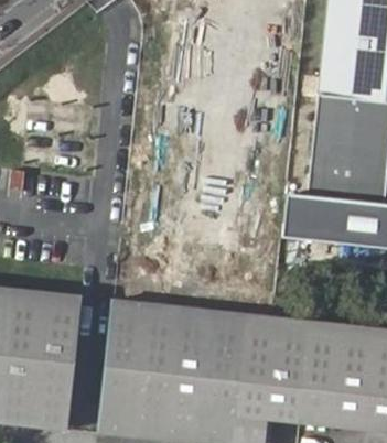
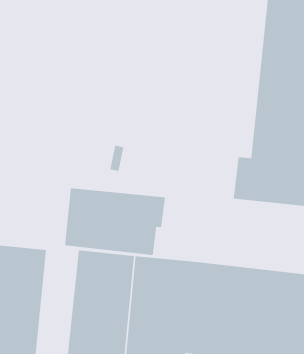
building: none -> [64,187,166,256]

